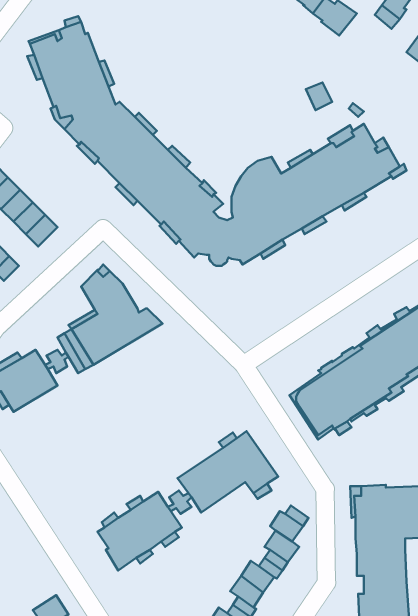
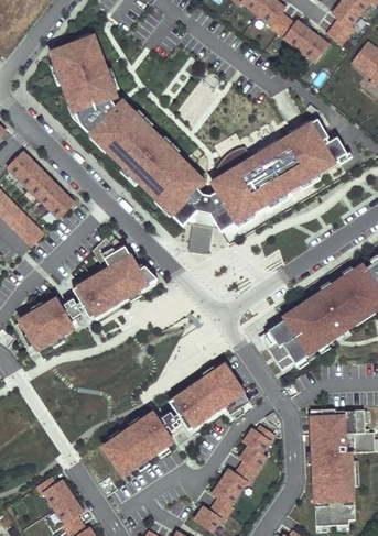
building: none -> [299,32,327,62]
building: none -> [188,225,213,254]
building: none -> [36,477,73,508]

